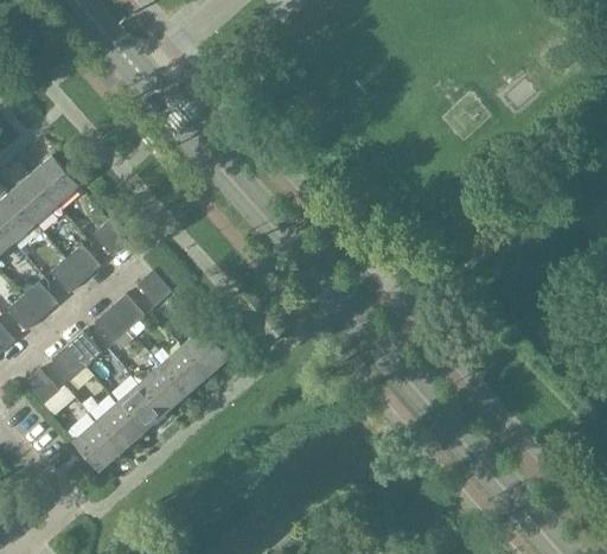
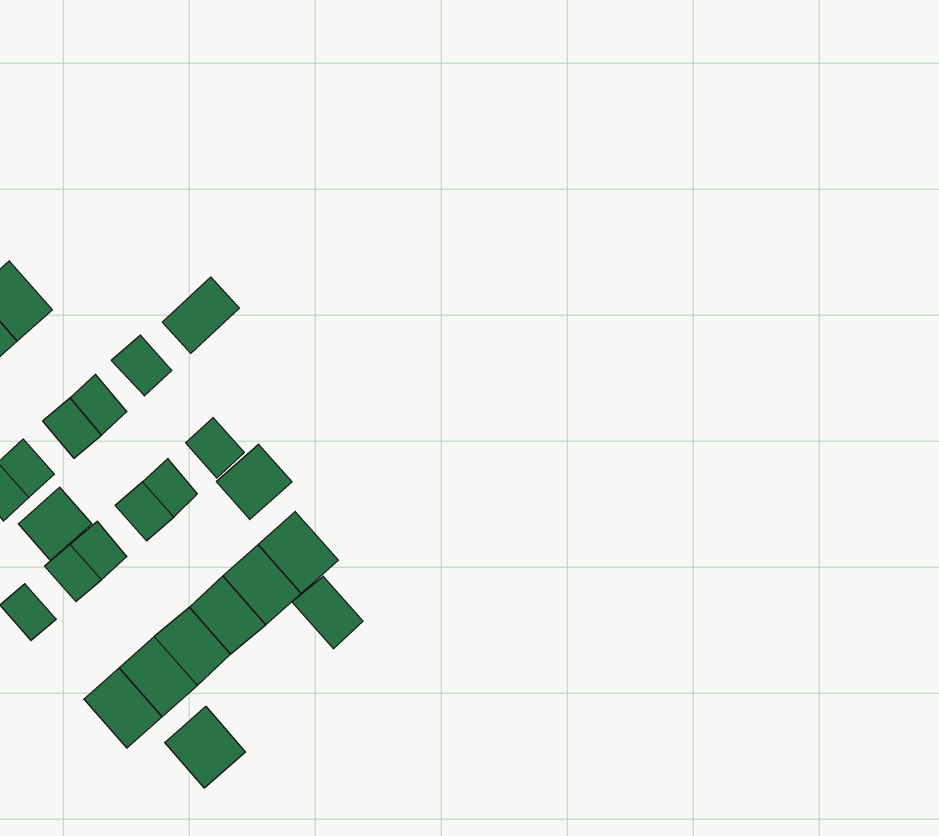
building: [27,158,76,206] -> none
building: none -> [162,277,239,353]
building: none -> [216,444,292,520]
building: none -> [18,487,92,560]
building: none -> [292,576,363,649]
building: none -> [165,706,246,788]

